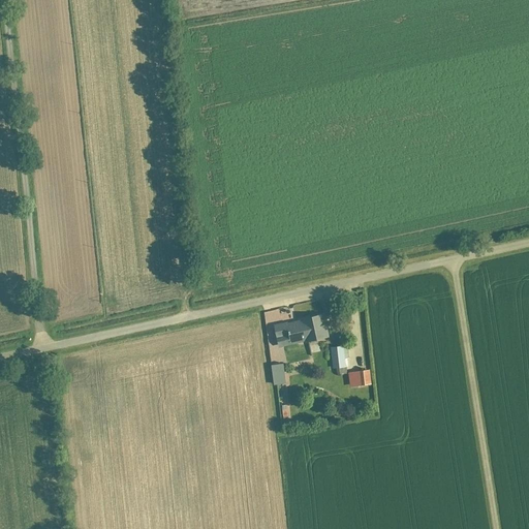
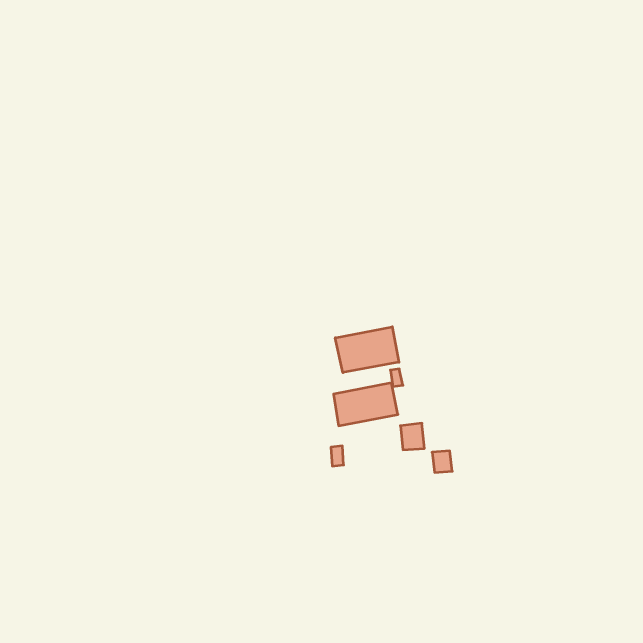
building: none -> [335,327,399,373]

